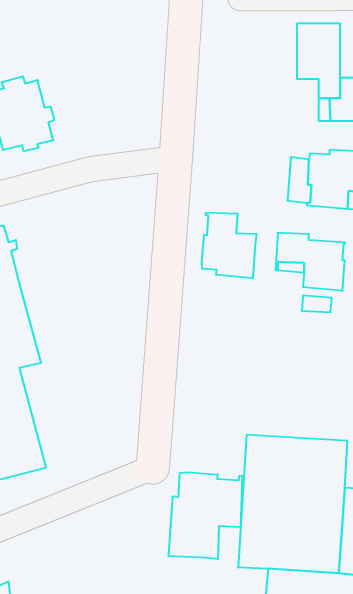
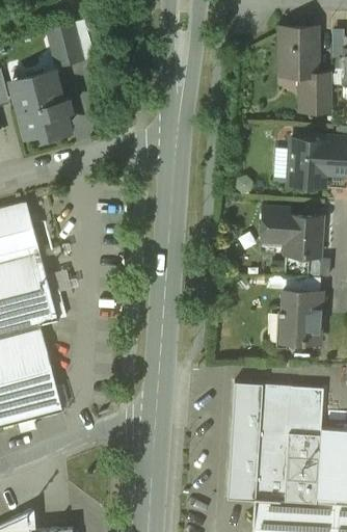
building: none -> [48,23,81,64]
building: [202,213,256,278] -> none
building: none -> [278,288,321,344]
building: [169,472,242,559] -> none

